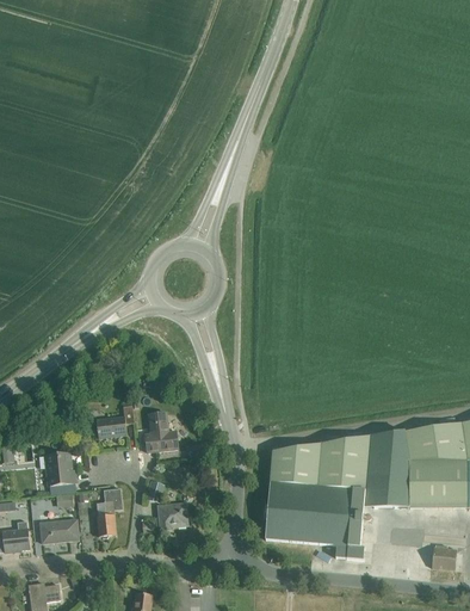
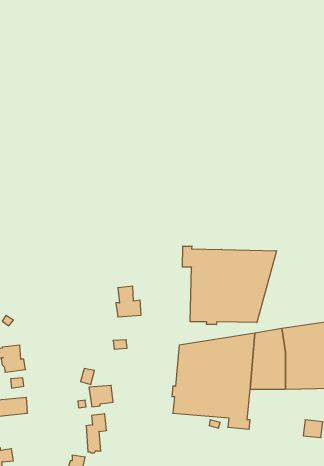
building: none -> [182,246,277,325]
building: [95,406,134,438] -> none
building: [144,412,177,451] -> [116,286,141,317]
building: [95,487,122,537] -> [86,414,107,453]

